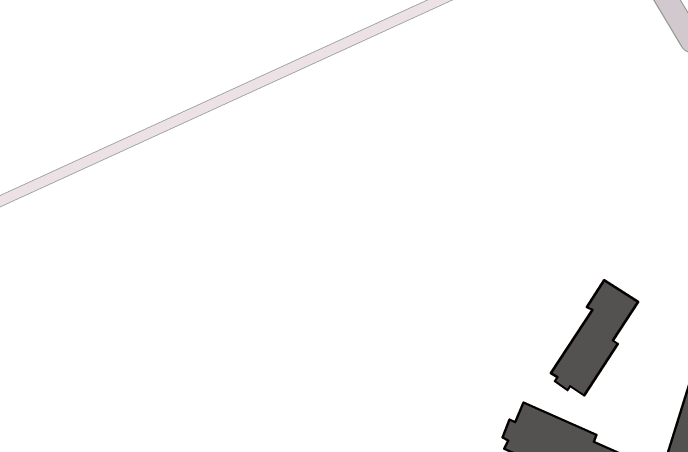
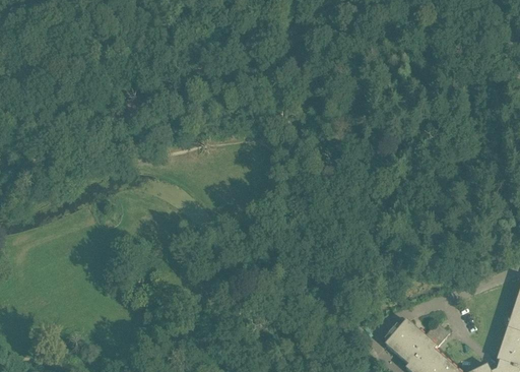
building: [551,280,638,395] -> none

